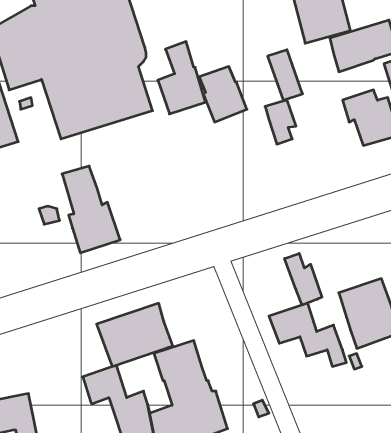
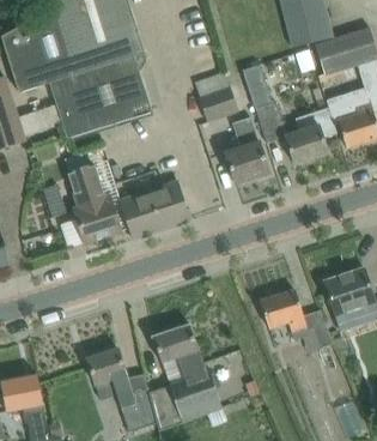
building: [158,42,206,114] -> [224,116,268,183]
building: none -> [285,108,336,164]
building: [285,253,322,305] -> none
building: [97,303,173,367] -> [118,181,189,240]

